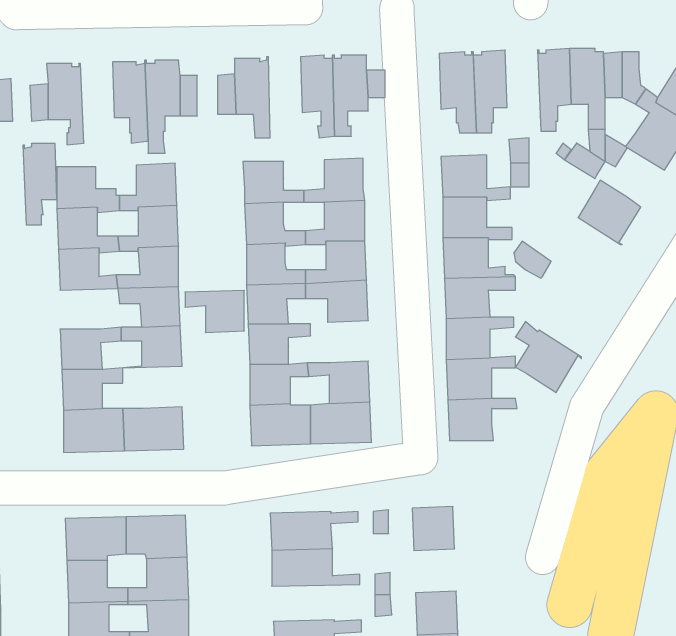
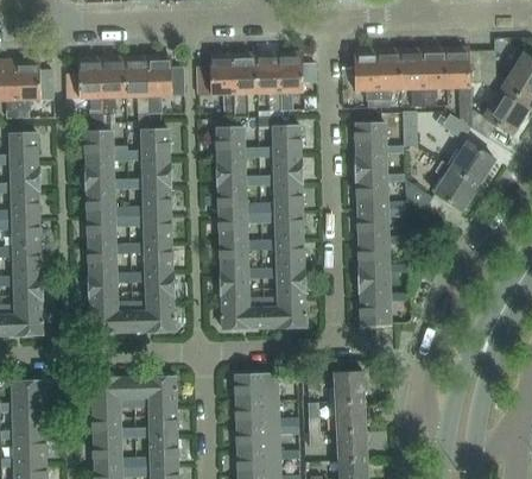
building: none -> [399,49,424,106]
building: none -> [233,53,256,118]
building: [23,144,57,225] -> [101,57,125,114]
building: none -> [87,216,128,245]
building: [185,290,244,333] -> [131,271,172,301]
building: none -> [262,239,303,269]
building: [515,322,581,393] -> [433,160,480,210]
building: none -> [335,399,365,430]
building: none -> [235,424,297,450]

